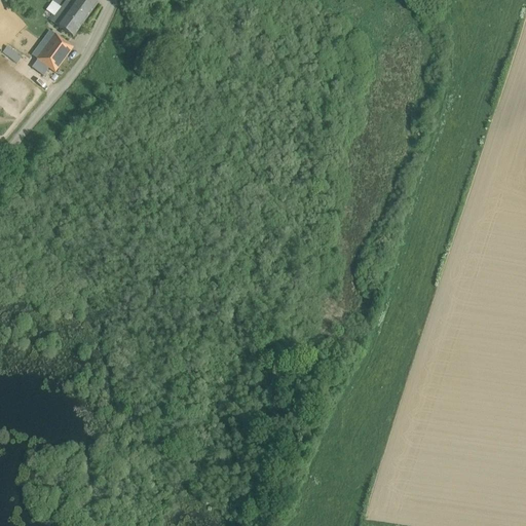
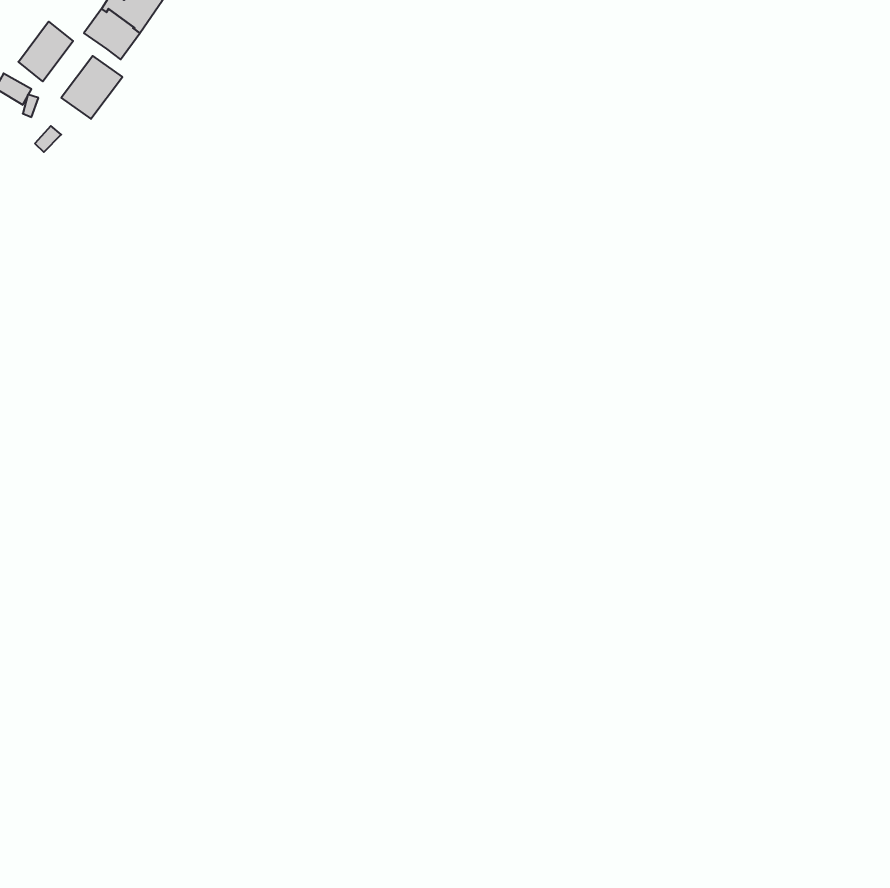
building: none -> [18,22,73,81]

